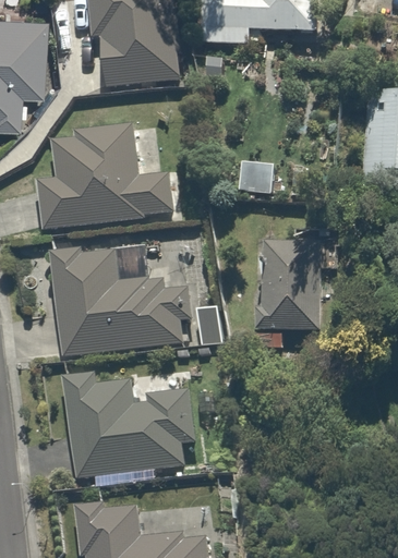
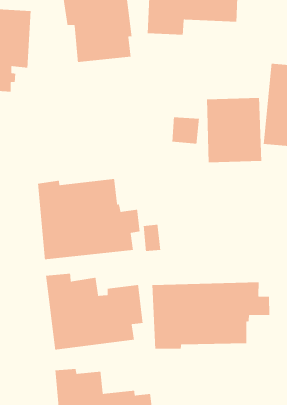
building: [37,123,174,230] -> none
building: [258,244,335,333] -> [206,97,262,163]
building: none -> [152,281,270,349]

